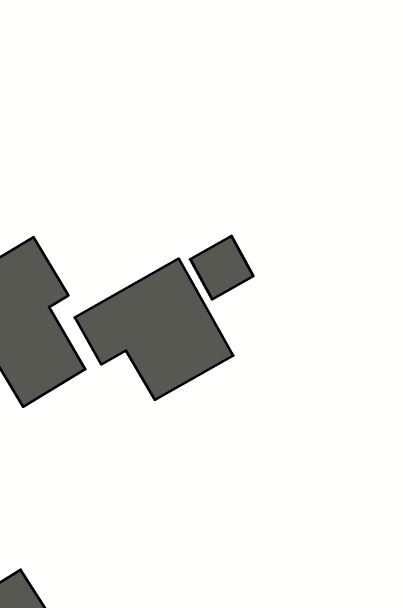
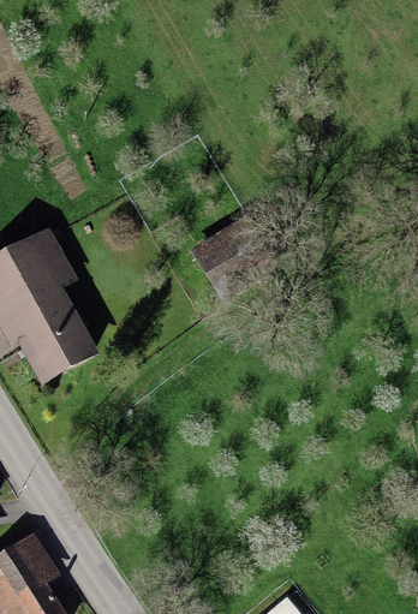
building: [75,259,233,400] -> none

